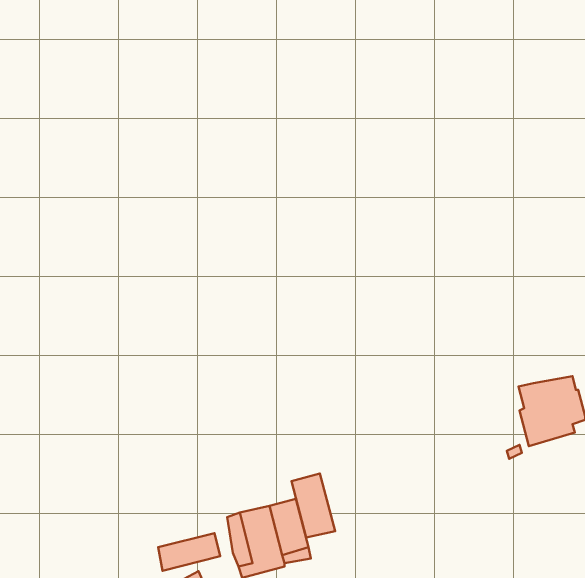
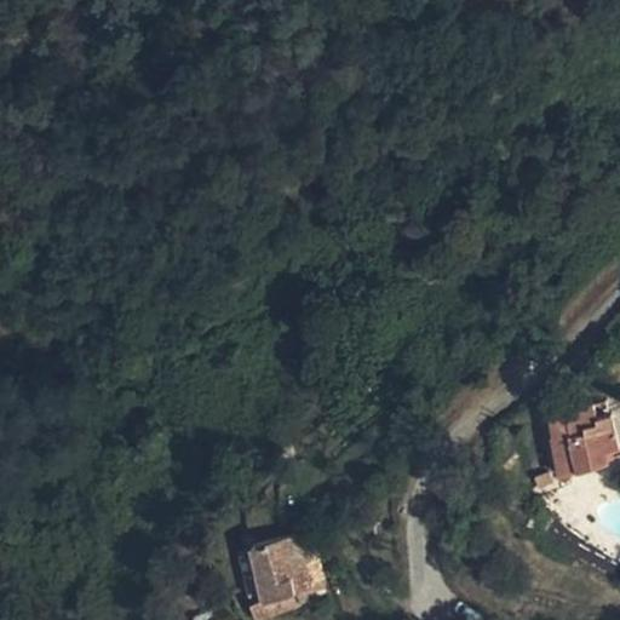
building: [291,474,335,537] -> none
building: [158,533,220,571] -> none

